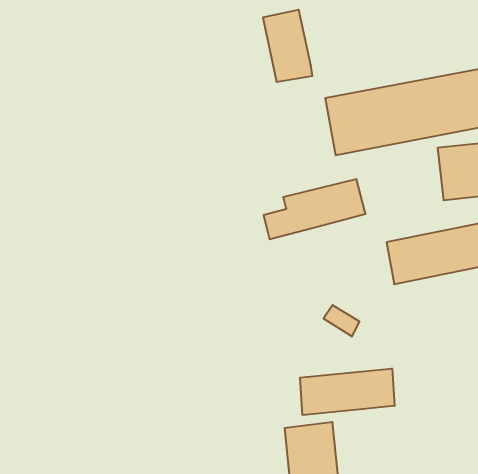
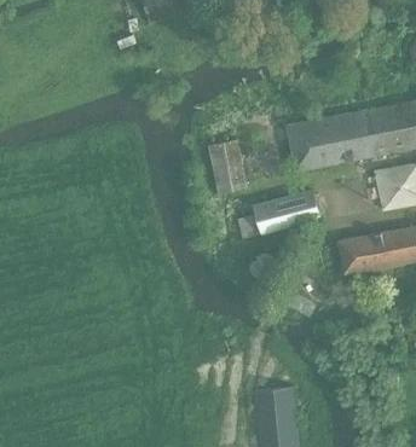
building: [263,10,312,82] -> [206,135,245,193]
building: [300,368,395,415] -> none

